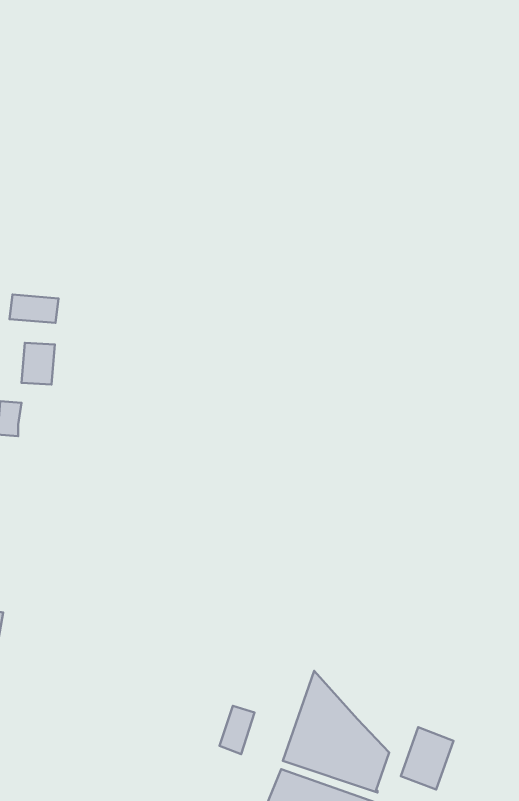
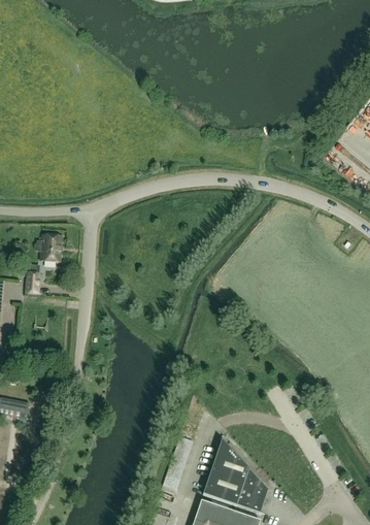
building: [9,295,59,323] -> none
building: [401,727,453,790] -> none

